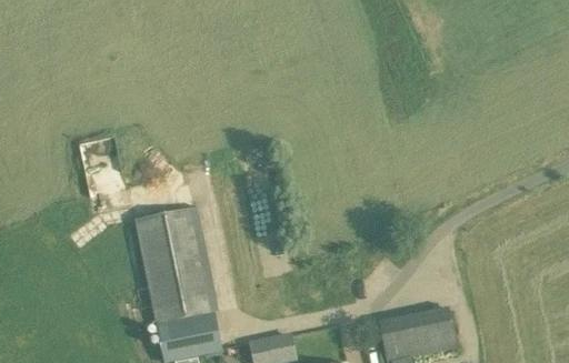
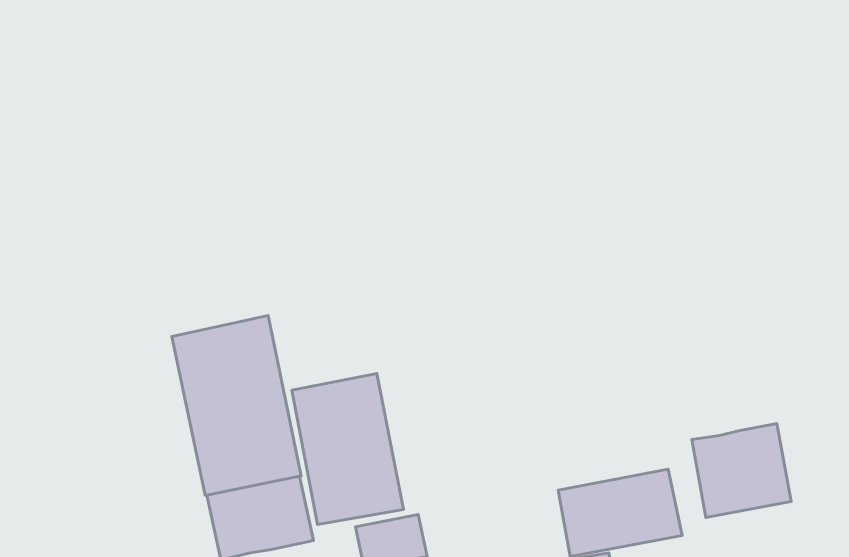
building: none -> [292,374,403,524]
building: none -> [692,424,791,518]

